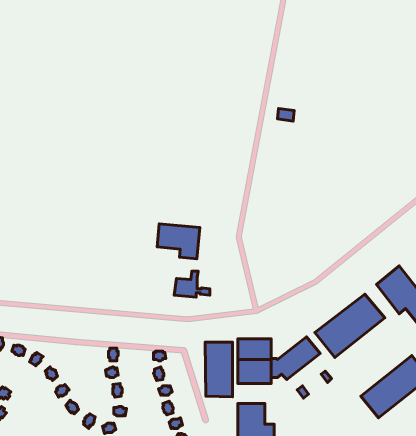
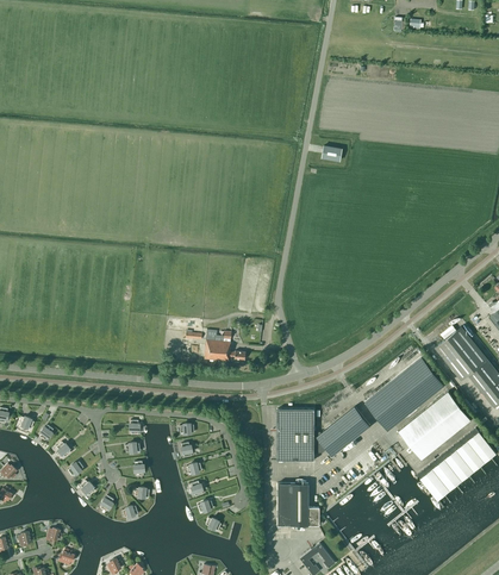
building: [157,224,200,259] -> none
building: none -> [399,392,472,460]
building: [205,342,232,397] -> none

